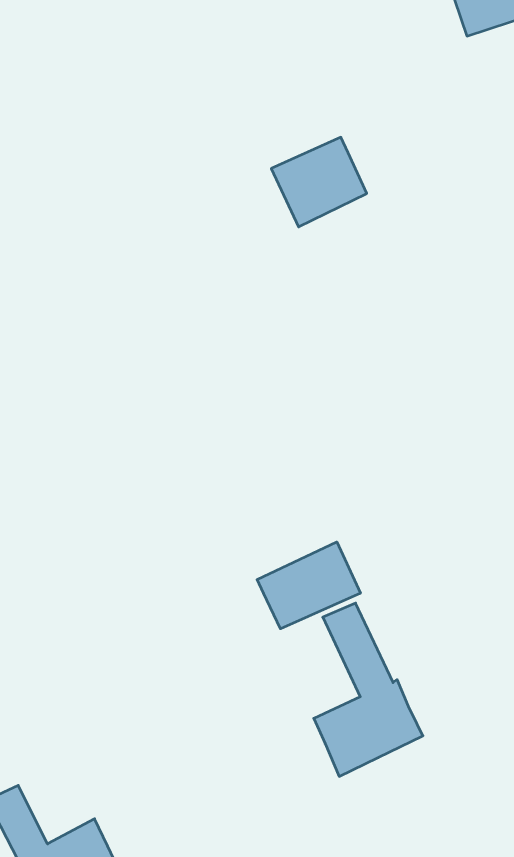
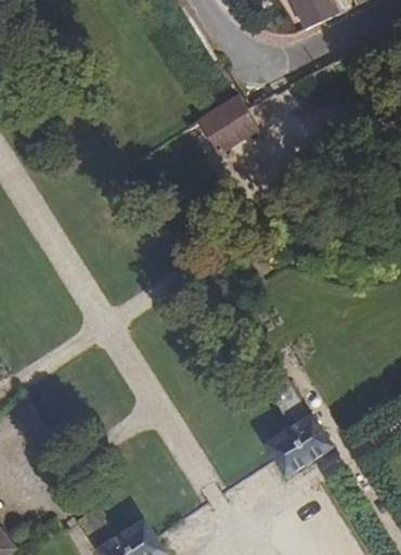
building: [257,542,360,629] -> none

